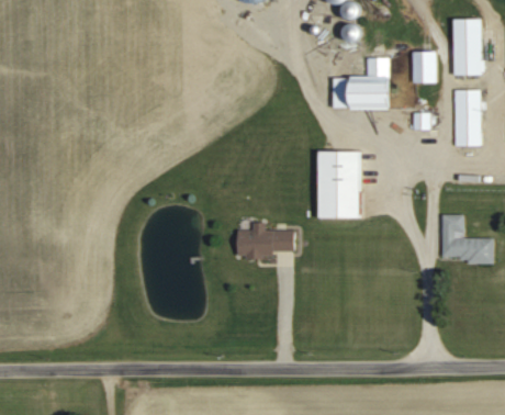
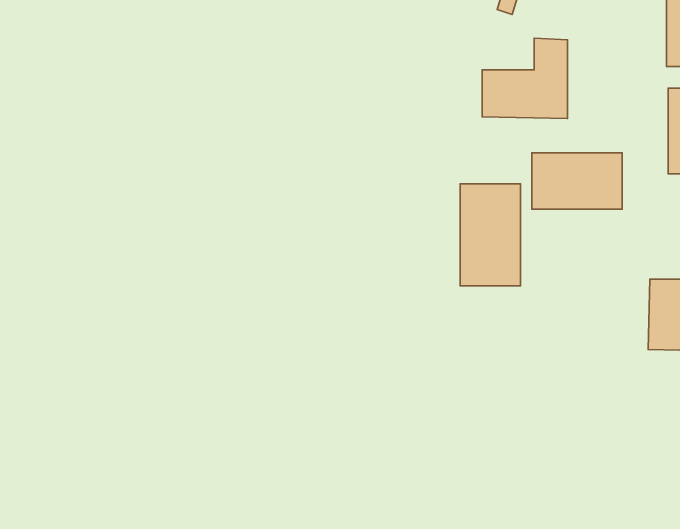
building: [412,51,436,81] -> none
building: none -> [532,153,622,209]
building: [237,222,293,257] -> none

